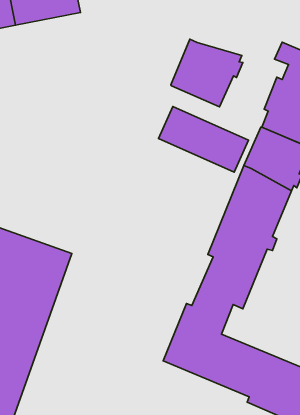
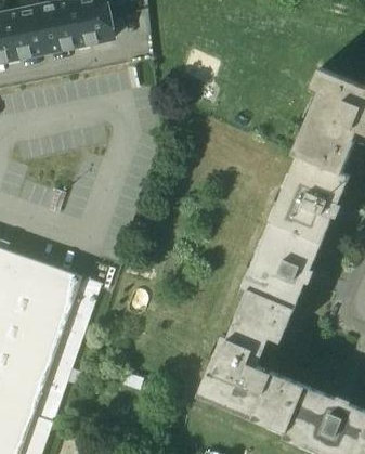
building: [171,39,243,107] -> none
building: [158,106,249,172] -> none

